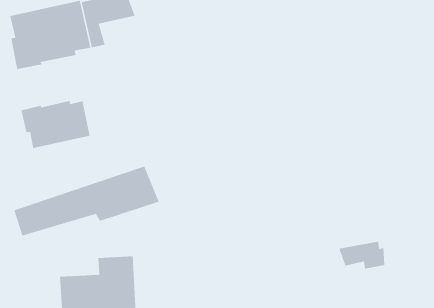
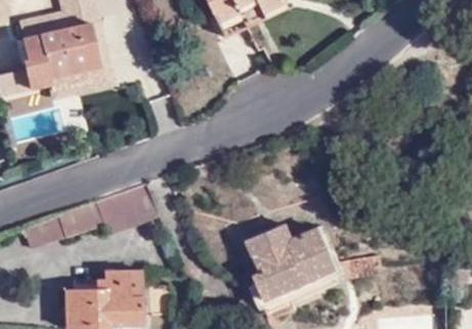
building: [21,100,91,149] -> none
building: none -> [246,229,337,312]

